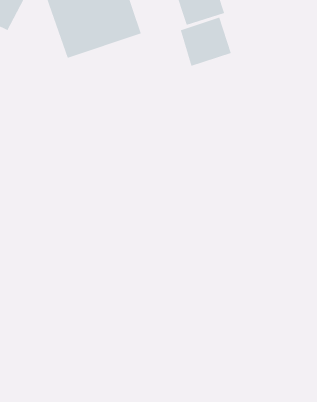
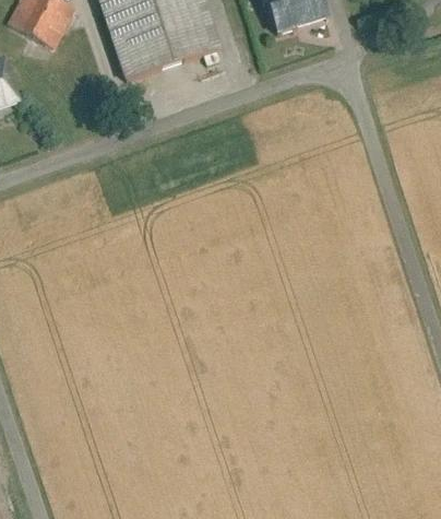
building: [180,17,232,67] -> none

